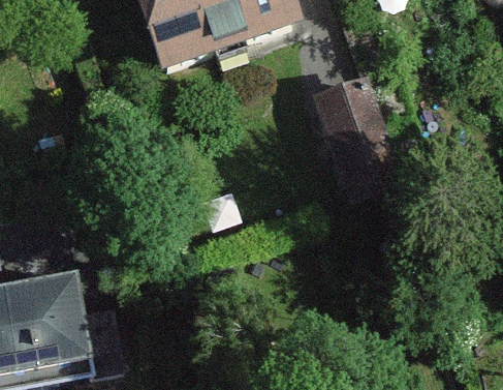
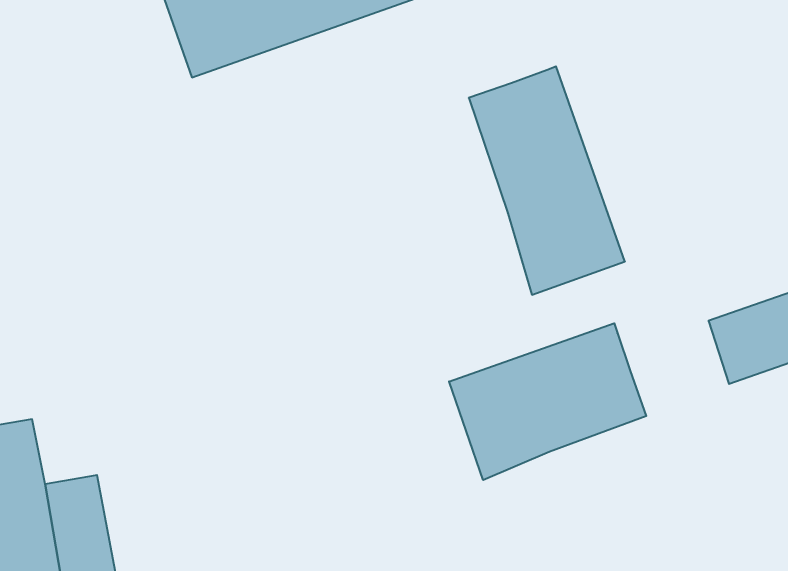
building: none -> [449,323,646,480]

